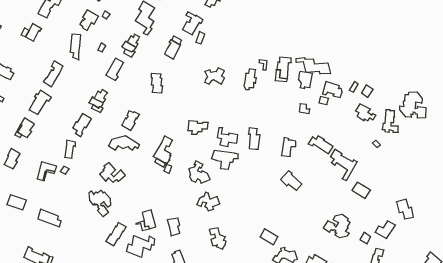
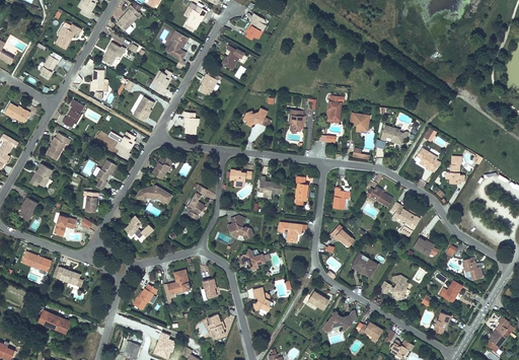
building: [296,58,331,74] -> none
building: [400,92,426,118] -> none
building: [211,151,238,169] -> [277,221,307,242]
building: [89,190,111,217] -> none
building: none -> [351,253,379,278]
building: [127,236,154,257] -> none

